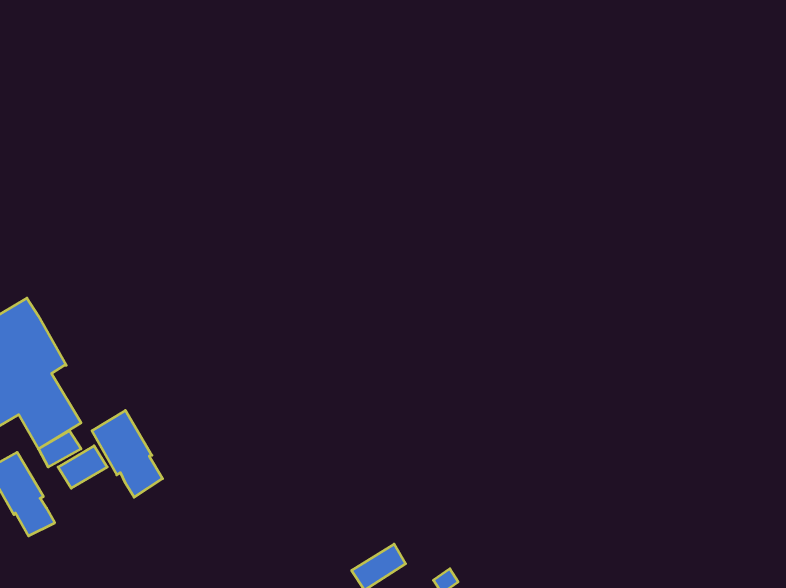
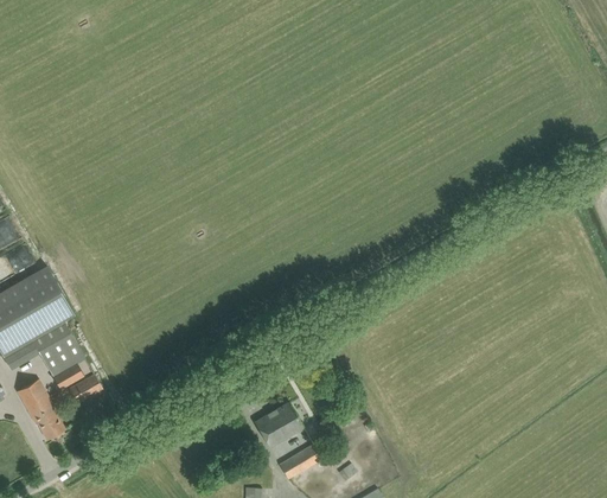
building: [92,410,163,497] -> none
building: none -> [254,401,304,447]

